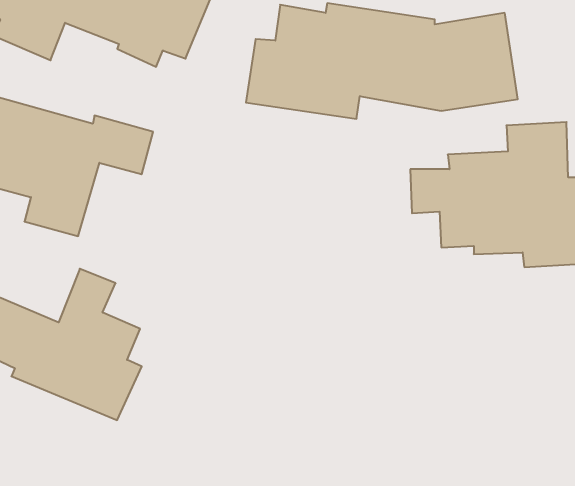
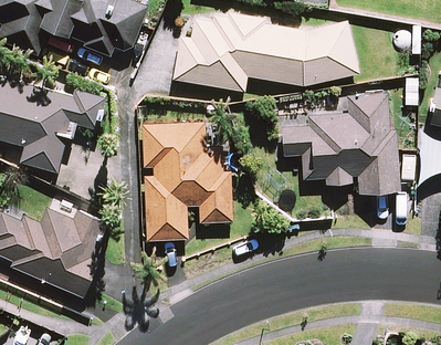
building: none -> [144,125,232,241]

